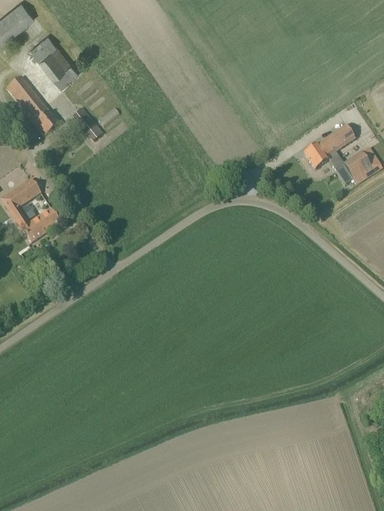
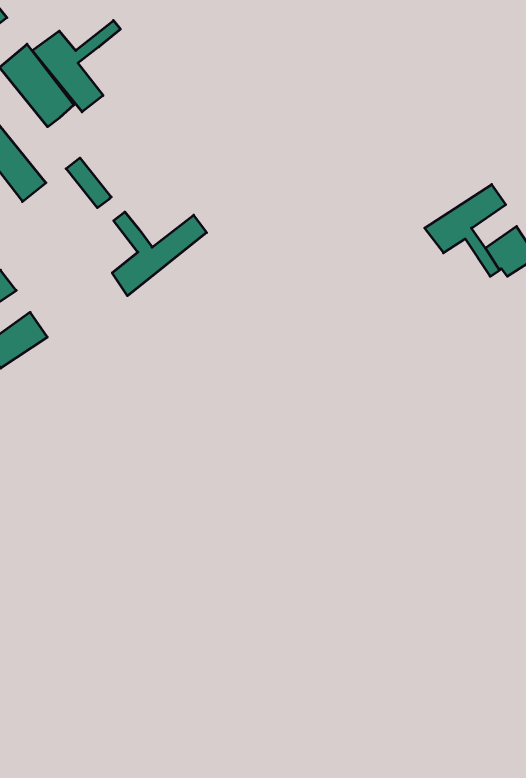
building: none -> [32,20,120,112]
building: none -> [112,212,207,296]

